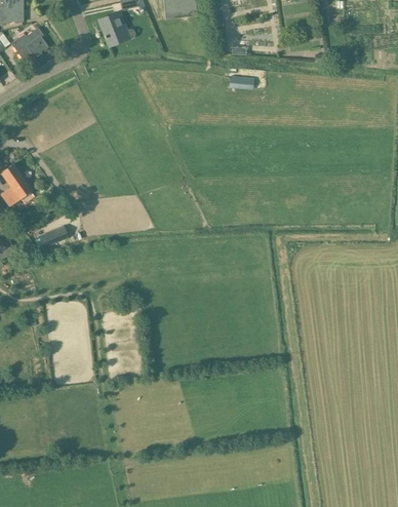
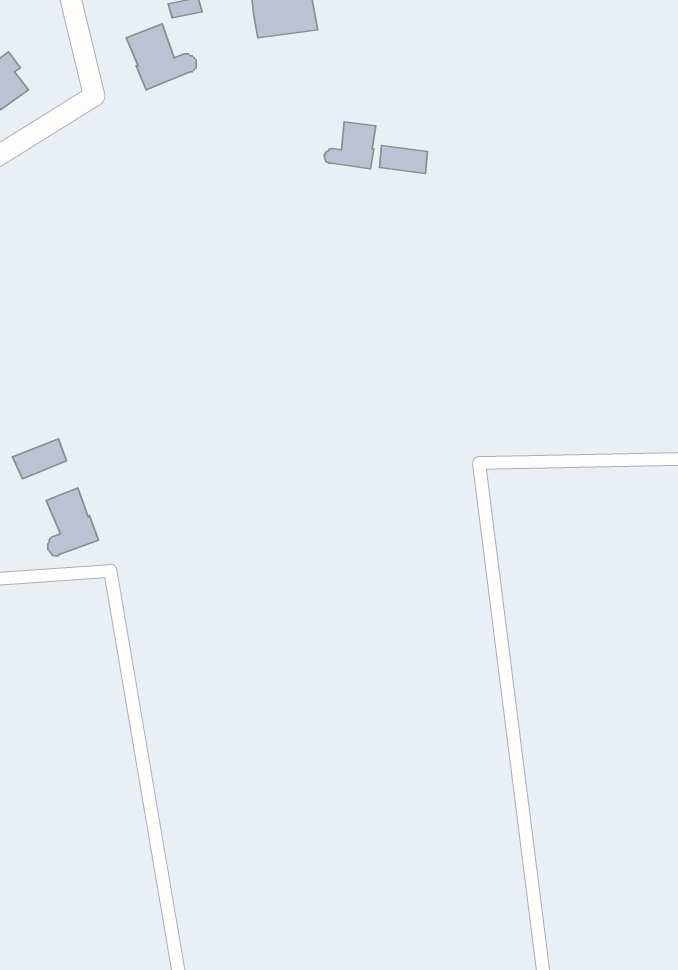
building: none -> [324,122,376,169]
building: none -> [46,488,99,556]

